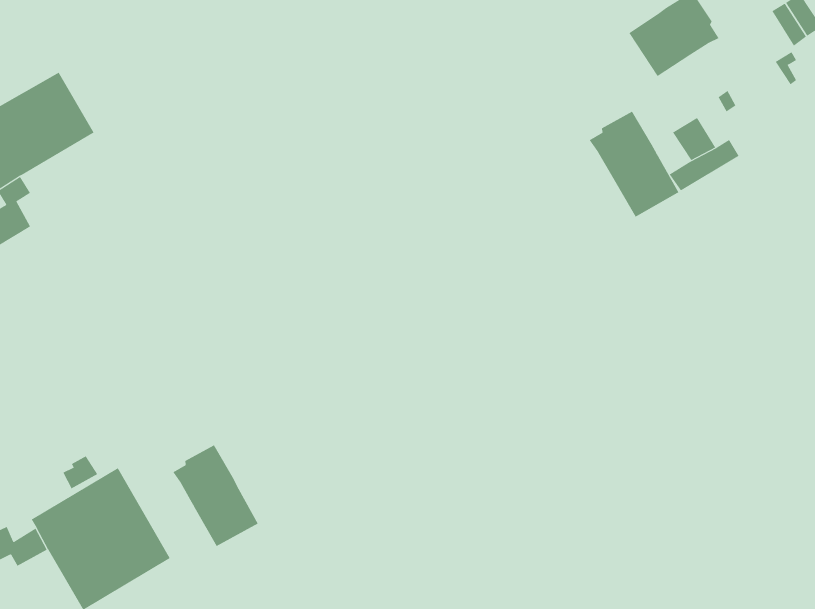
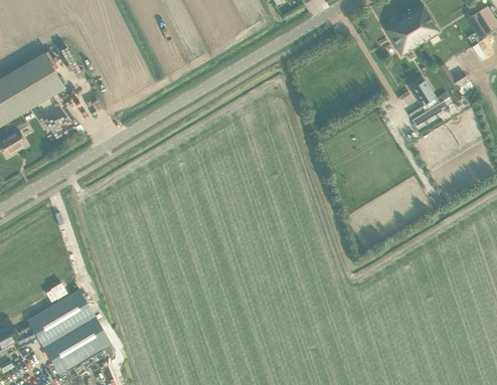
building: [589,111,679,217] -> none
building: [172,445,258,547] -> none

